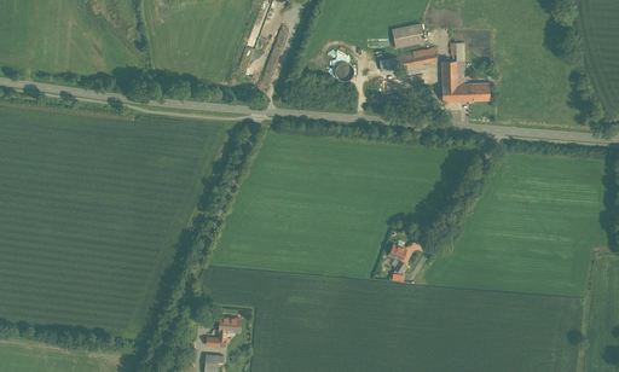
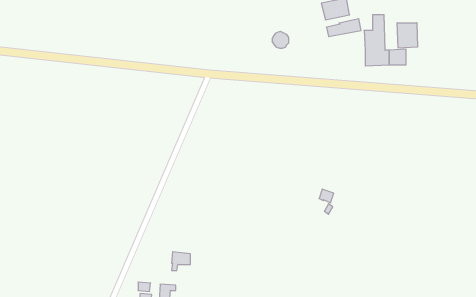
building: none -> [397,23,417,48]

